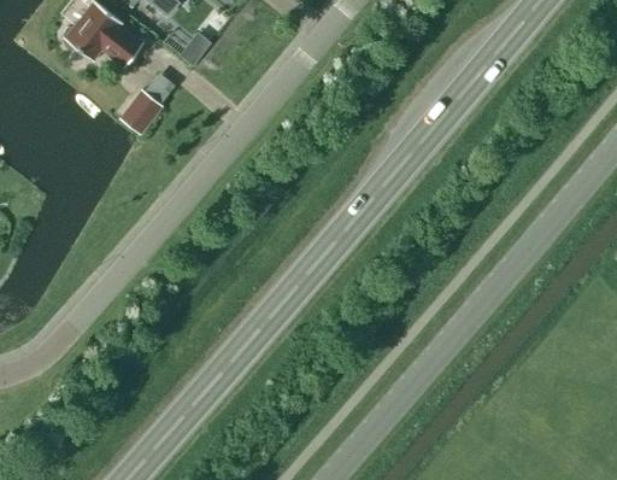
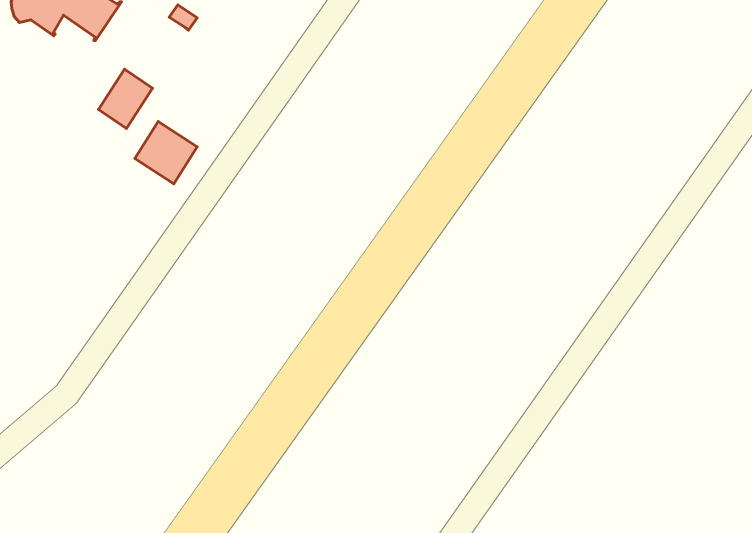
building: none -> [135,121,197,184]

